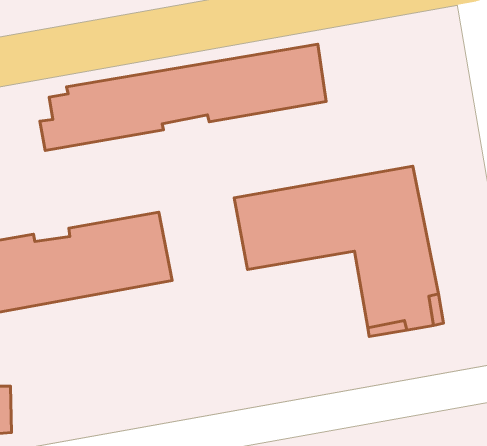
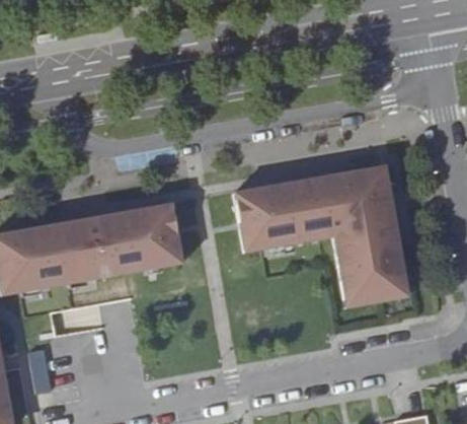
building: [40,44,326,151] -> none

